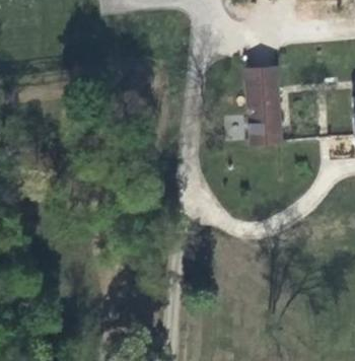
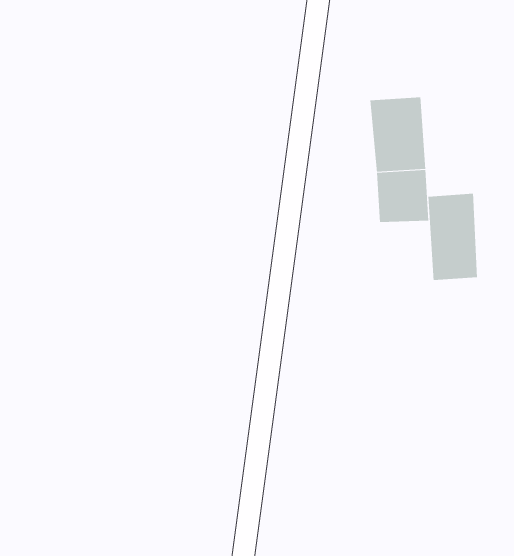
building: none -> [428,193,477,281]

